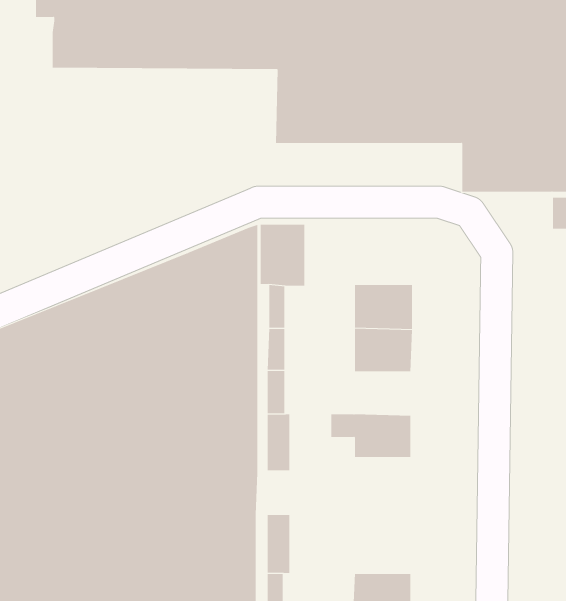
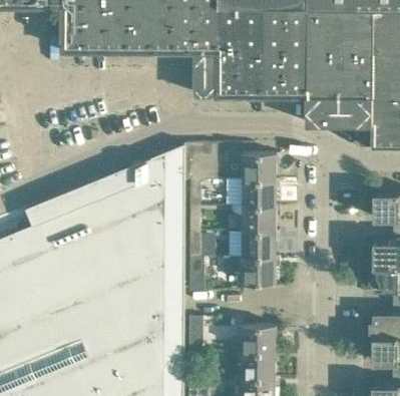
building: none -> [242,153,277,179]
building: none -> [242,232,276,258]
building: none -> [242,325,276,352]

